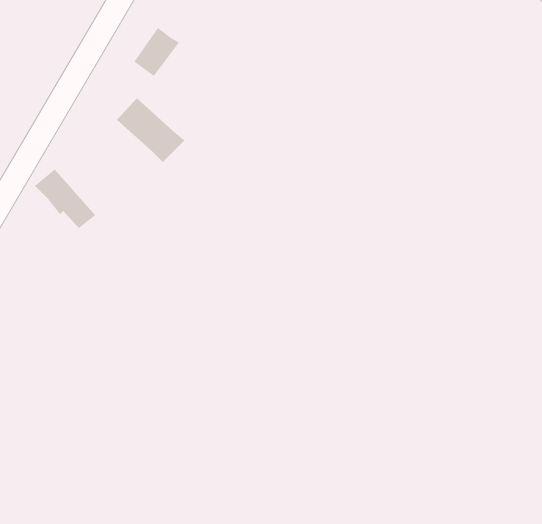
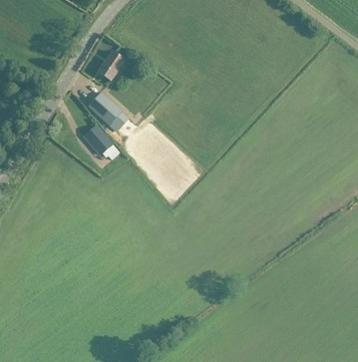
building: [34,169,96,229] -> [83,125,119,160]

